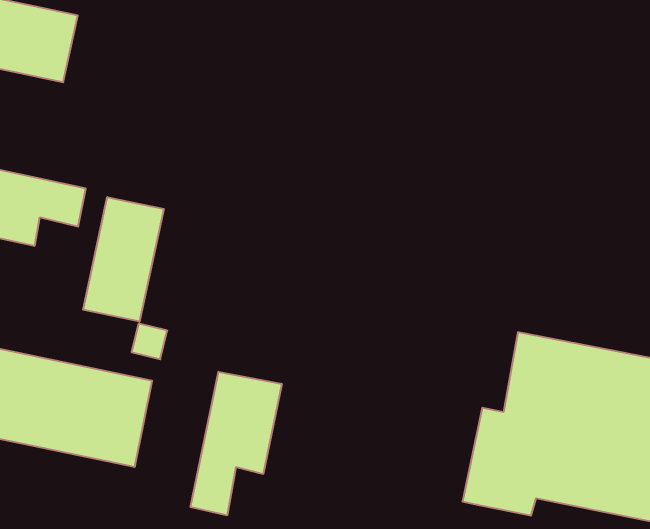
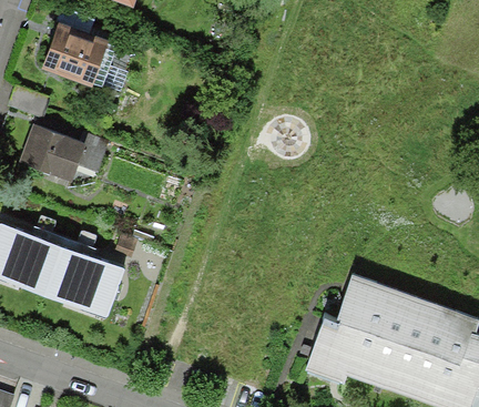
building: [83,197,164,322] -> none
building: [191,372,282,515] -> none

